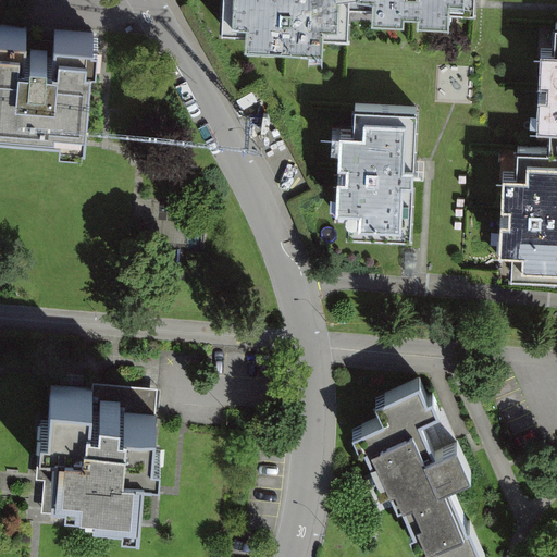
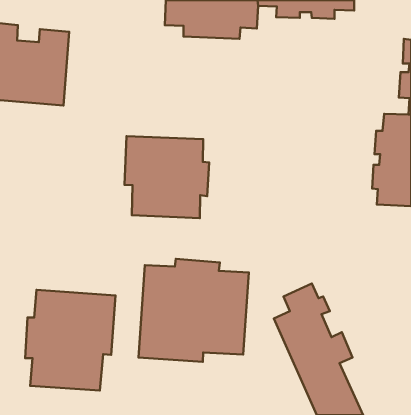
building: [335,106,418,239] -> none
building: none -> [124,136,209,218]
building: none -> [139,259,249,362]

